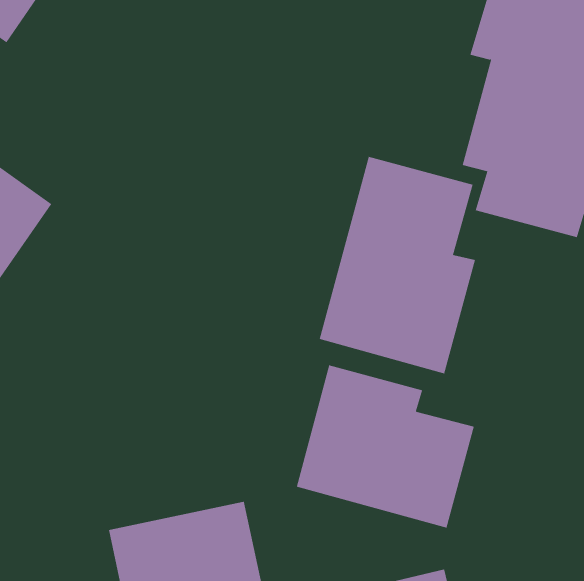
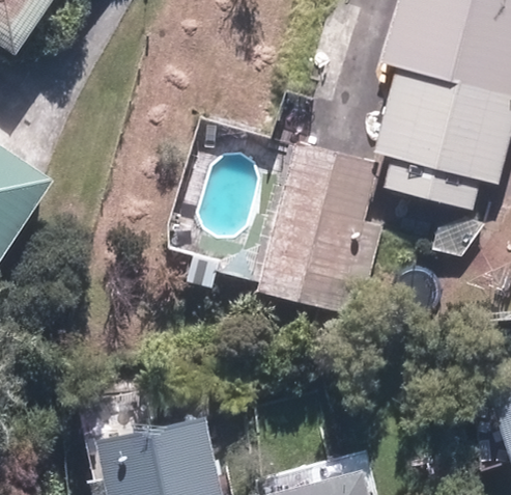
building: [296,365,474,528] -> none

